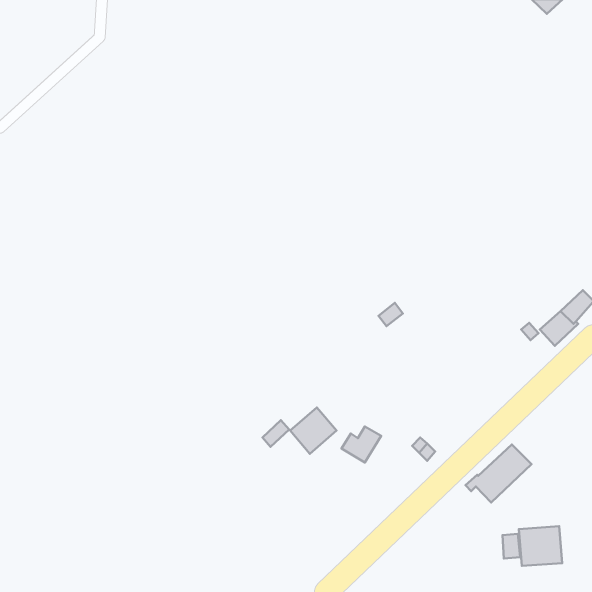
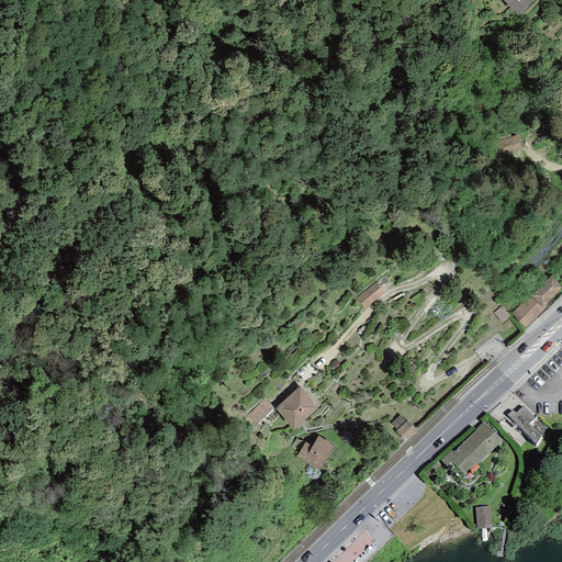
building: [342,426,381,462] -> [297,435,335,469]
building: none -> [508,405,542,443]
building: [519,526,562,566] -> none

